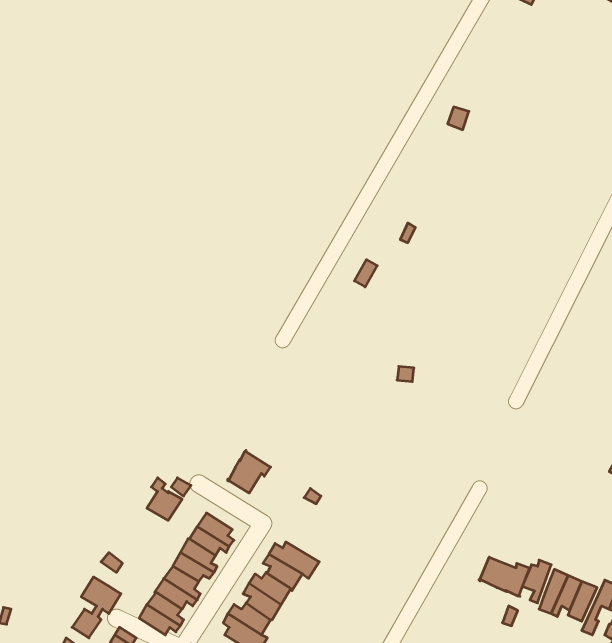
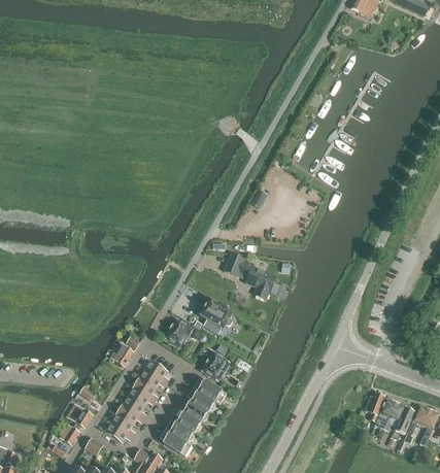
building: none -> [225,254,276,299]
building: none -> [200,299,233,329]
building: none -> [201,350,228,380]
building: [479,557,530,596] -> none

